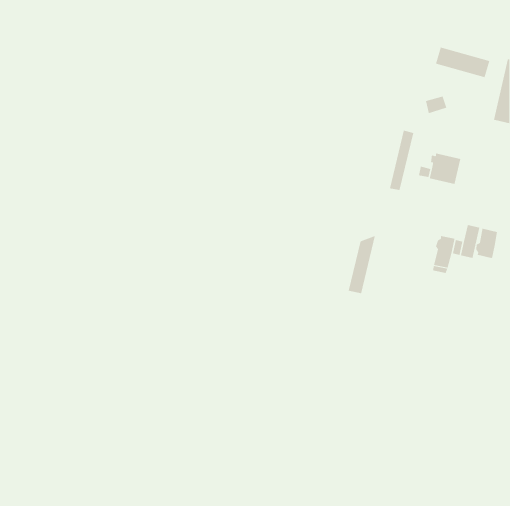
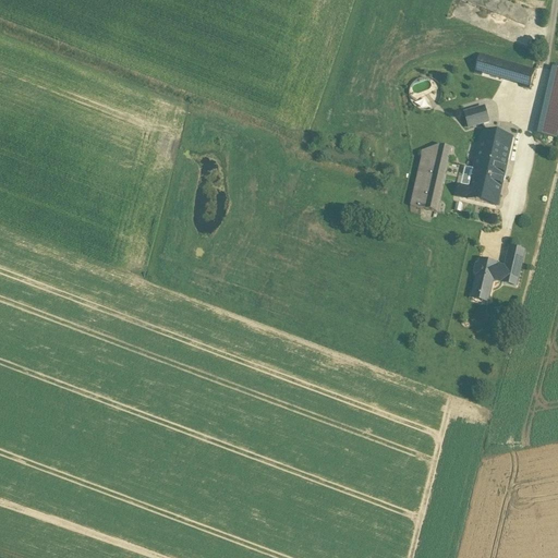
building: none -> [475,128,512,173]
building: [476,228,498,259] -> none
building: [348,235,376,294] -> [410,142,440,206]

